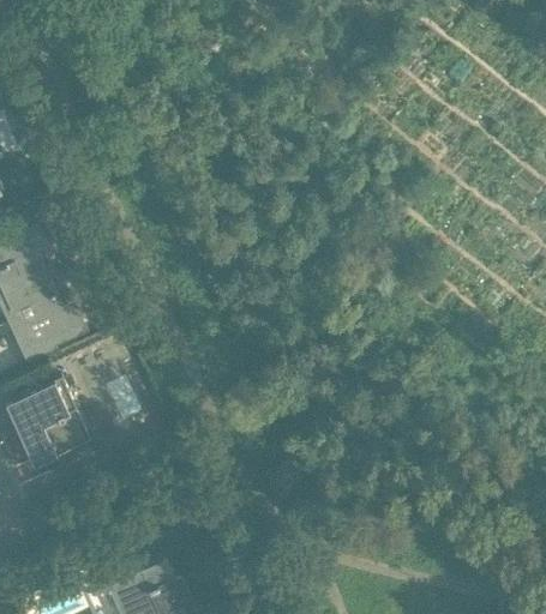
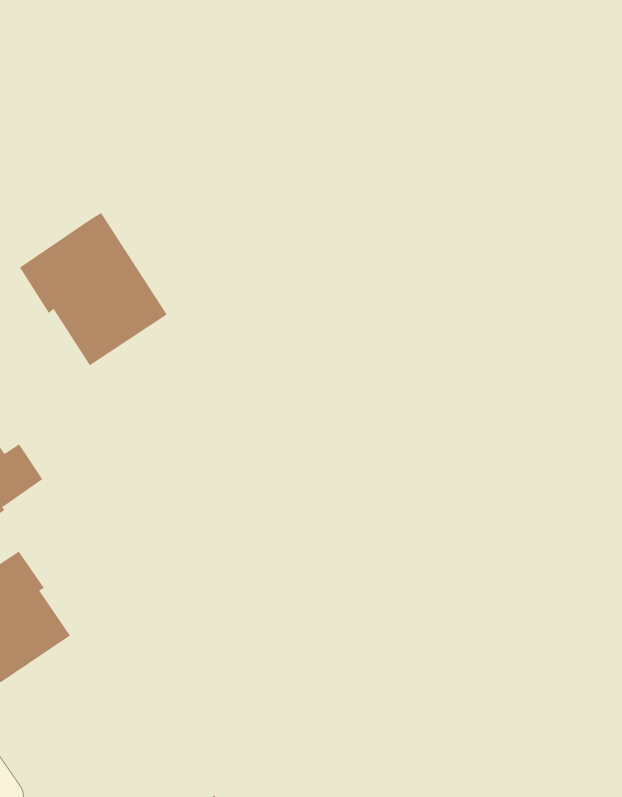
building: none -> [19,212,167,366]

